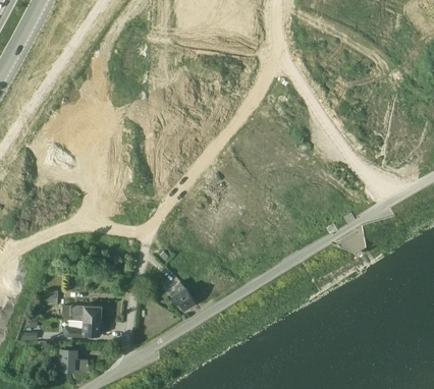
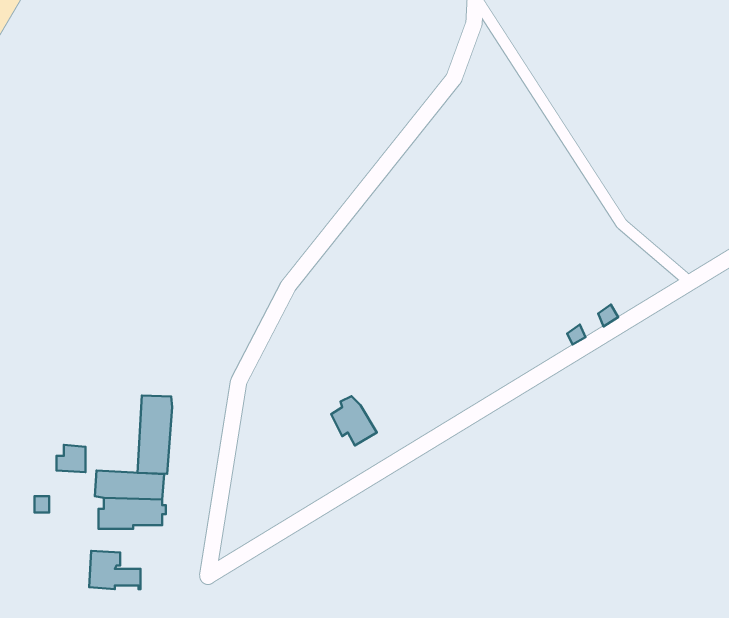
building: none -> [138,396,172,474]
building: [169,281,195,309] -> [331,396,377,445]

